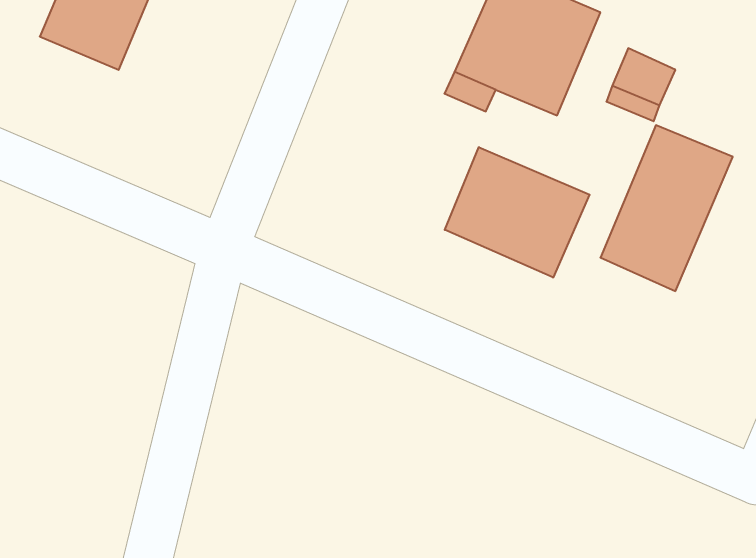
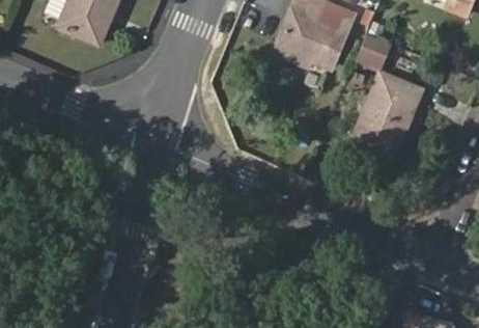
building: [445,147,590,278] -> none

